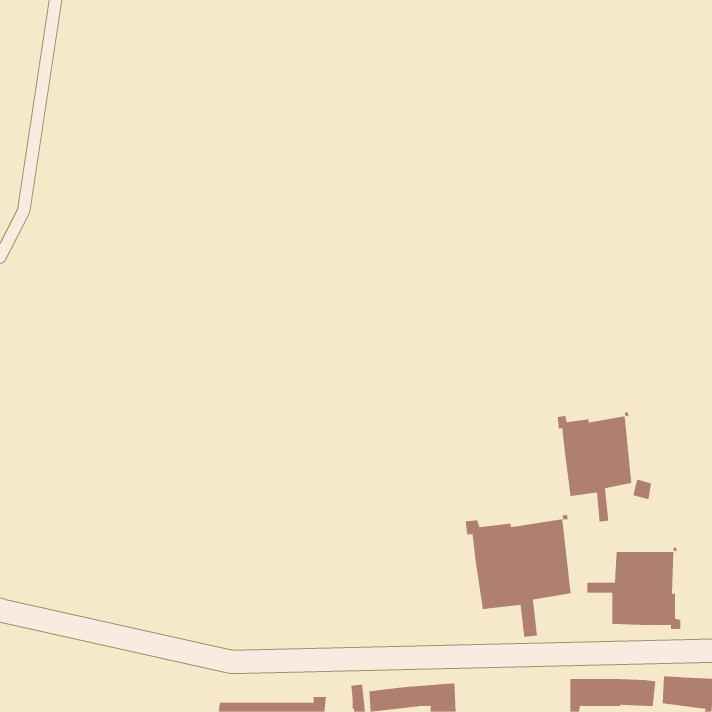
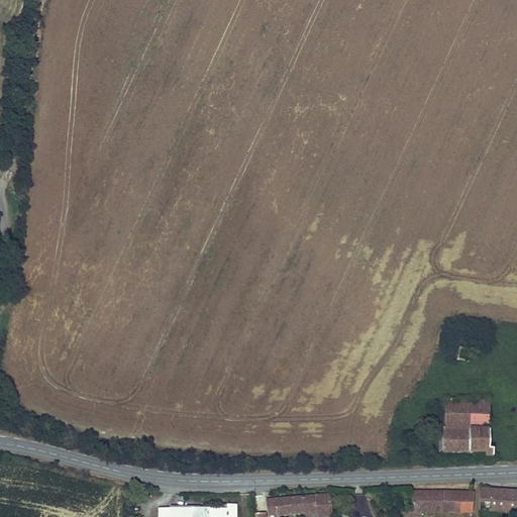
building: [557,412,632,523] -> none
building: [465,514,571,638] -> none

